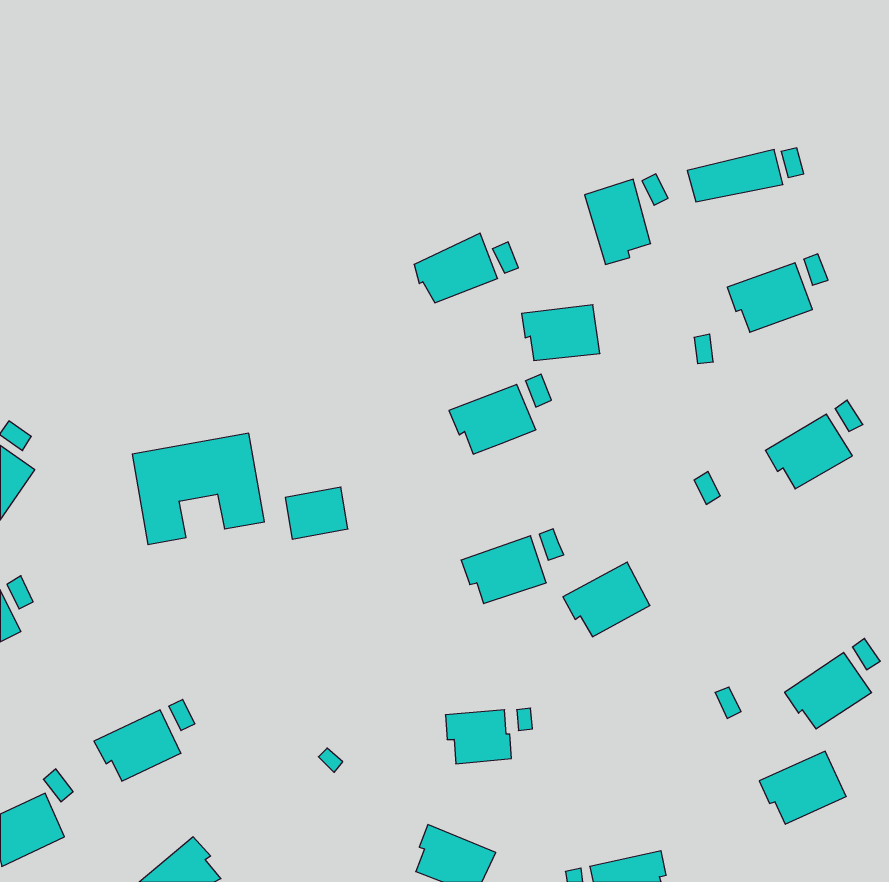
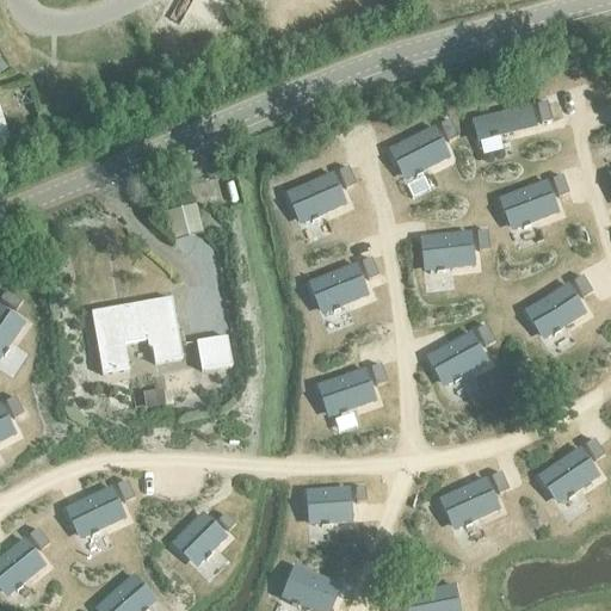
building: [522,305,600,360] -> [420,232,474,270]
building: [563,562,650,637] -> [426,332,486,383]
building: none -> [172,513,226,562]
building: [759,751,846,824] -> [439,477,499,527]

